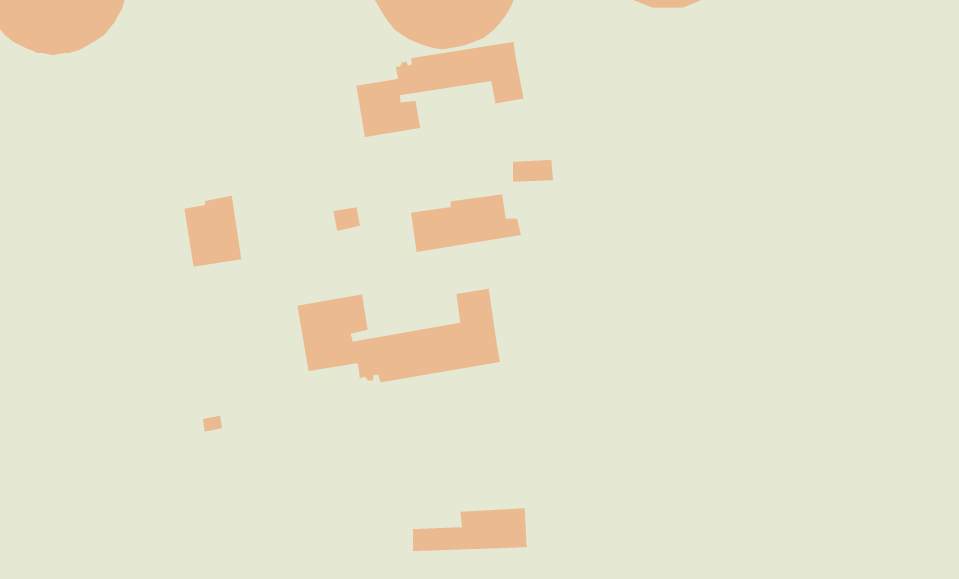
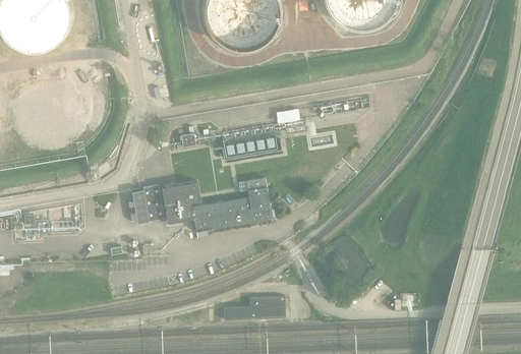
building: [356,41,524,138] -> none
building: [183,195,242,267] -> [131,184,163,223]

